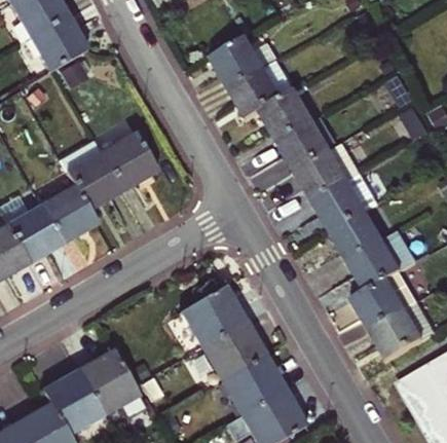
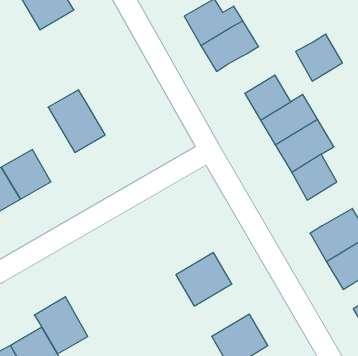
building: [259,90,311,143] -> [296,34,342,81]
building: [100,133,155,189] -> none
building: [40,186,95,242] -> none
building: [347,242,398,291] -> none
building: [180,286,243,345] -> none
building: [77,349,138,414] -> none
building: [221,356,283,414] -> none

